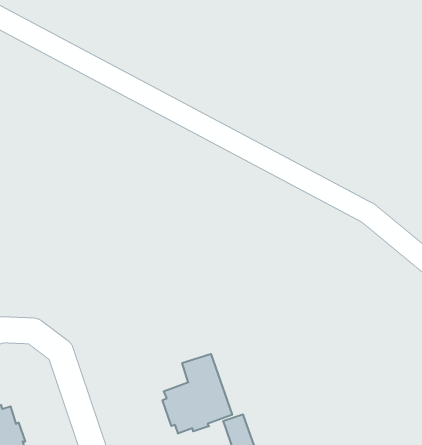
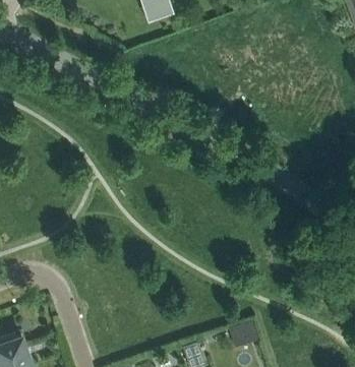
building: [163,354,232,434] -> none

